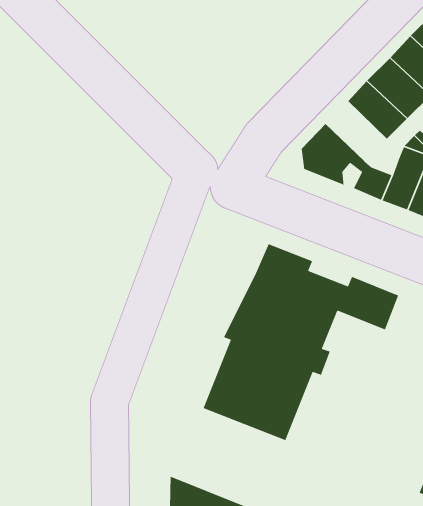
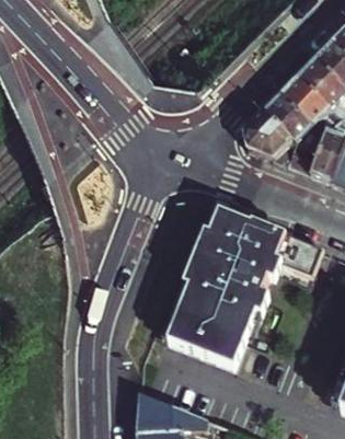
building: none -> [263,94,312,142]

